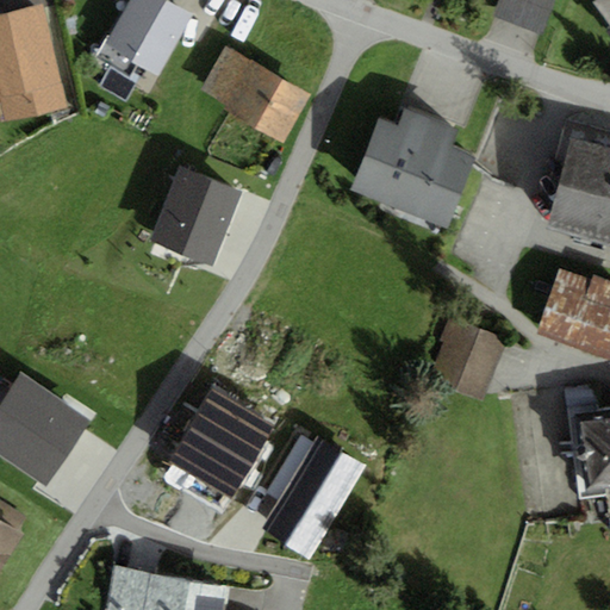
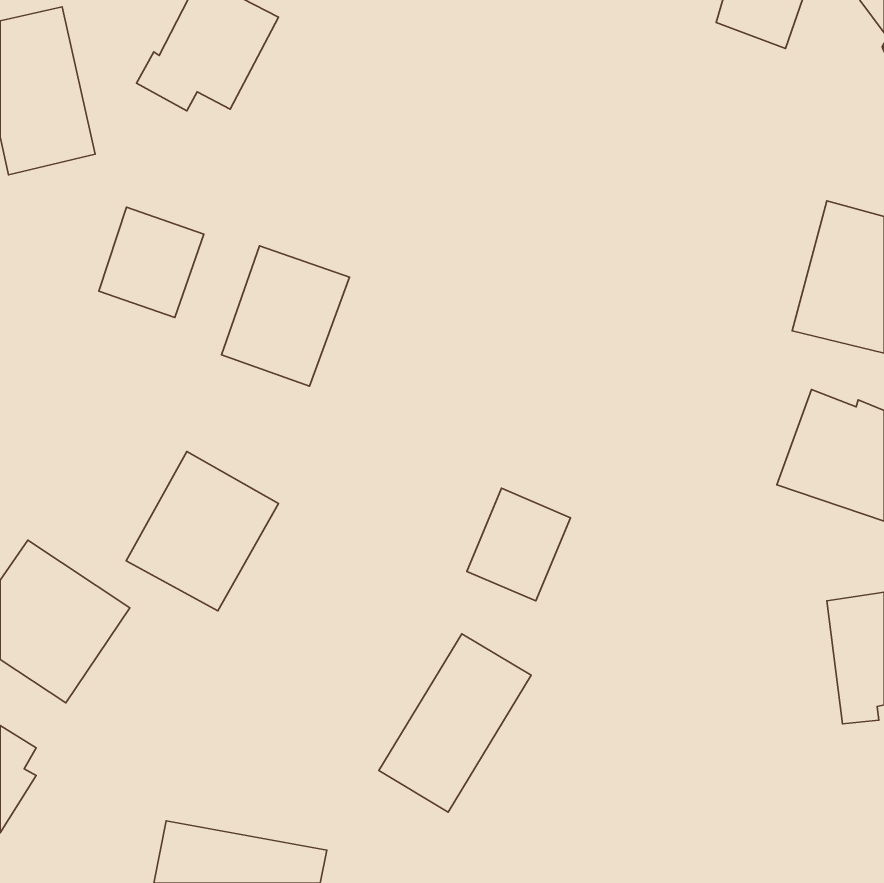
building: [201,46,310,144] -> none
building: [350,107,475,229] -> none
building: none -> [99,207,204,318]
building: [437,322,509,399] -> [467,488,571,601]
building: [169,390,274,499] -> [126,452,279,611]

